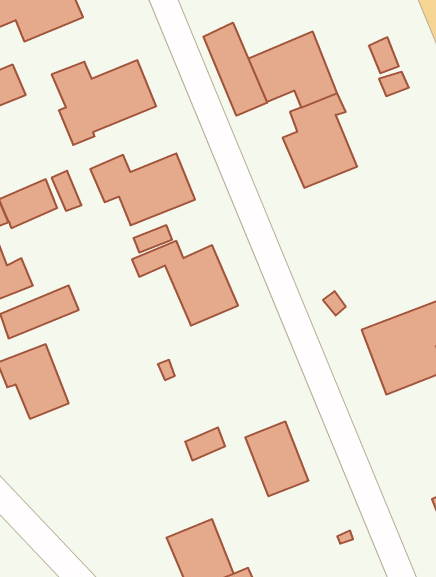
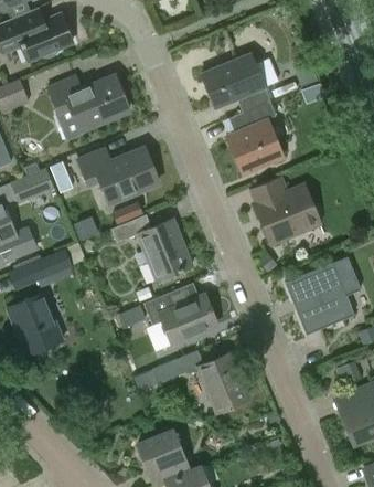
building: [203,23,267,116] -> none
building: none -> [250,177,319,242]
building: none -> [143,294,217,343]

